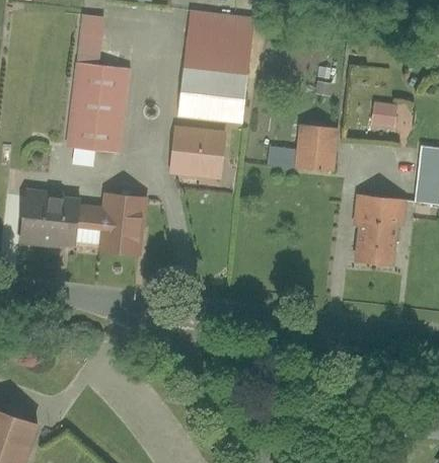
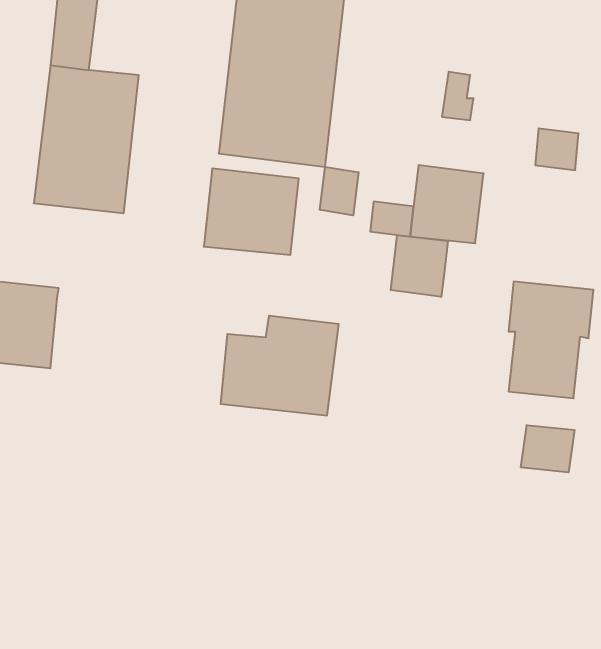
building: none -> [320,167,359,215]
building: none -> [391,235,448,297]
building: [75,194,147,254] -> [221,316,339,416]
building: none -> [521,425,574,472]

